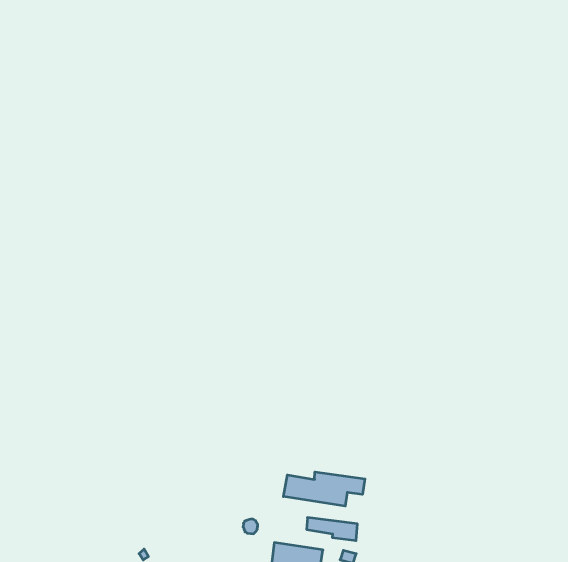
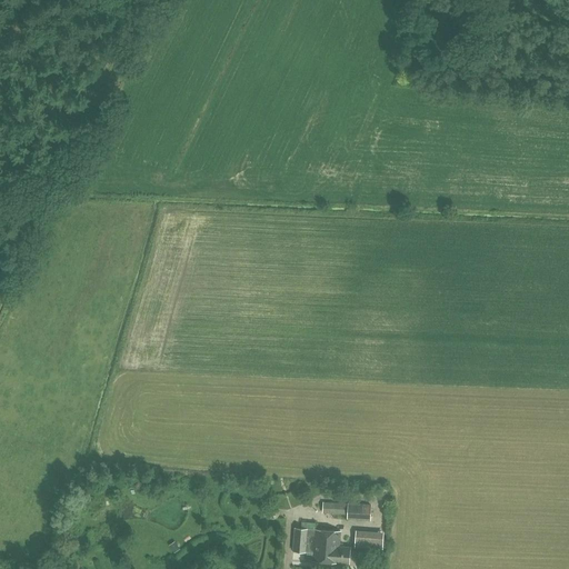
building: [283,472,365,506] -> none

